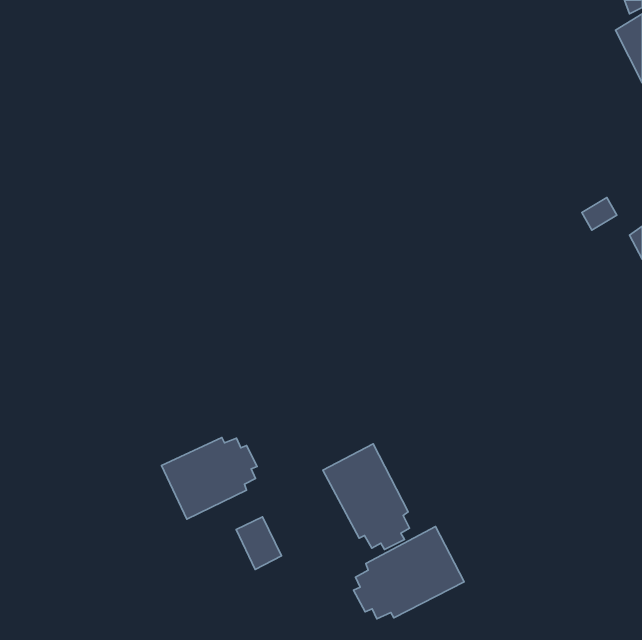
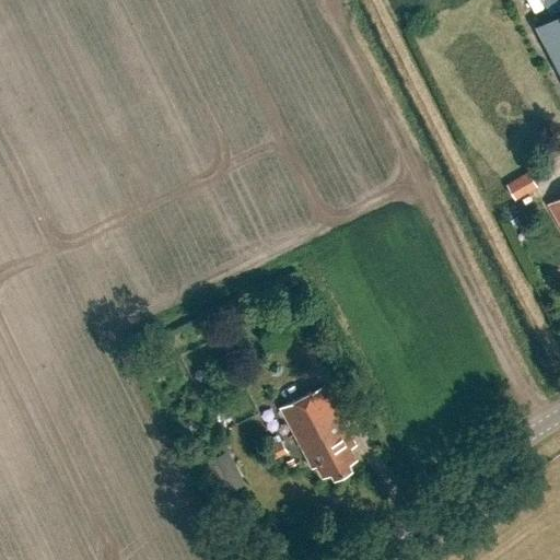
building: [161,438,257,519] -> none
building: [353,527,464,619] -> none

